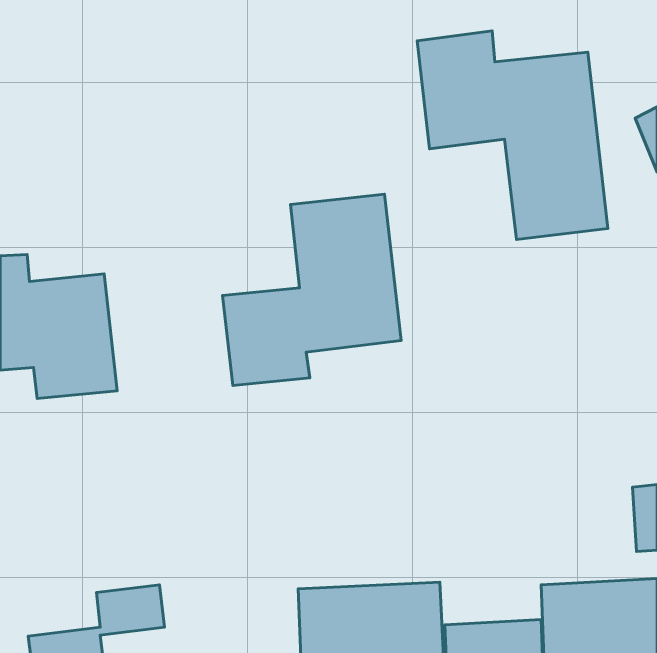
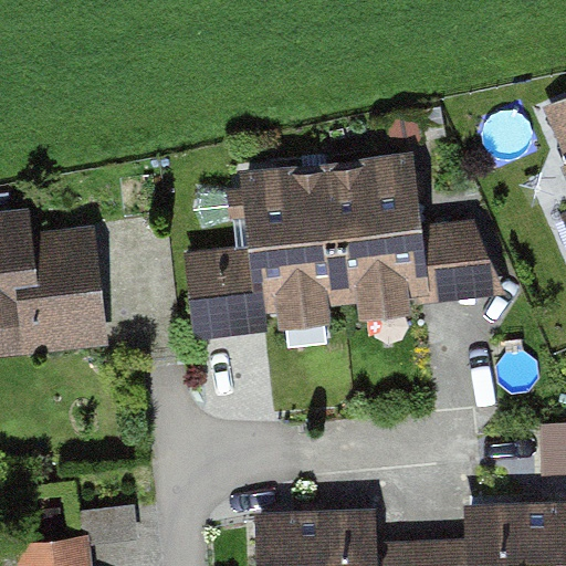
building: [417,31,608,240] -> none
building: none -> [331,161,461,301]

